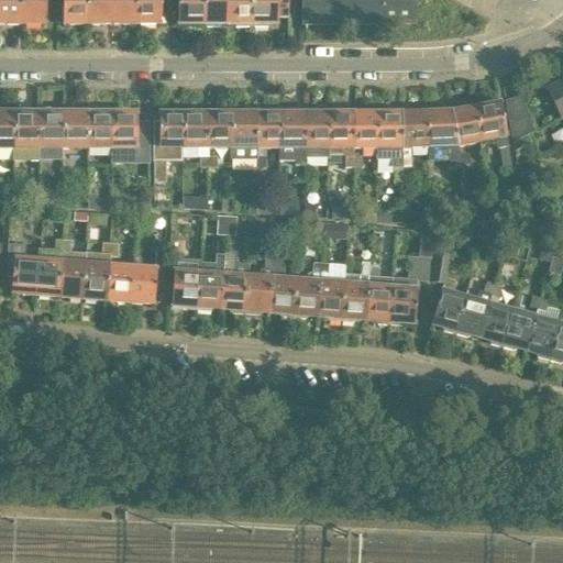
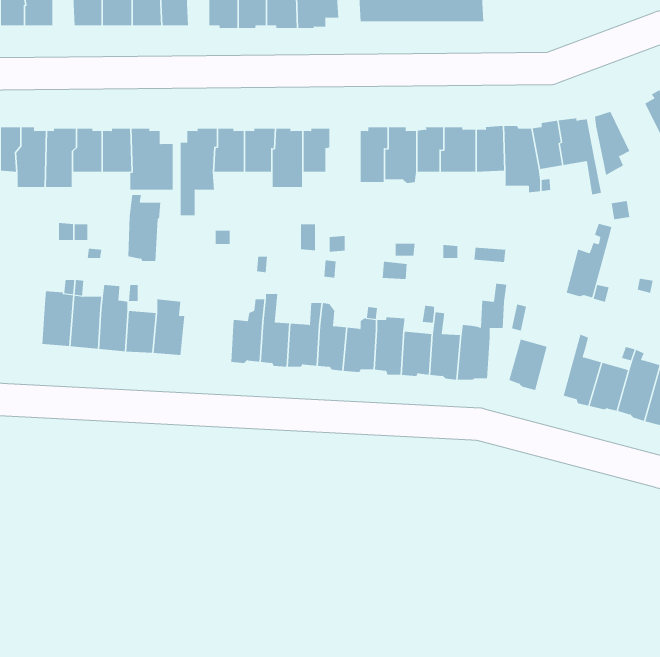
building: [278,109,307,163] -> none
building: [5,242,38,292] -> none
building: [173,251,201,308] -> [128,194,161,262]
building: [456,273,496,336] -> [566,223,612,298]

